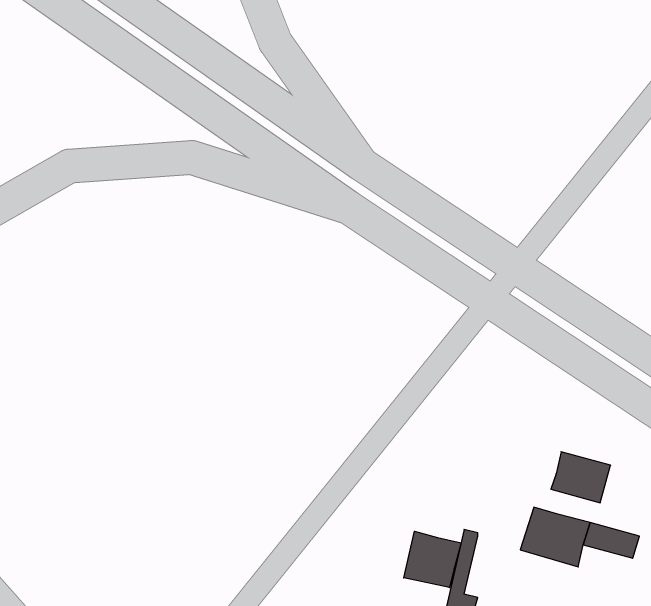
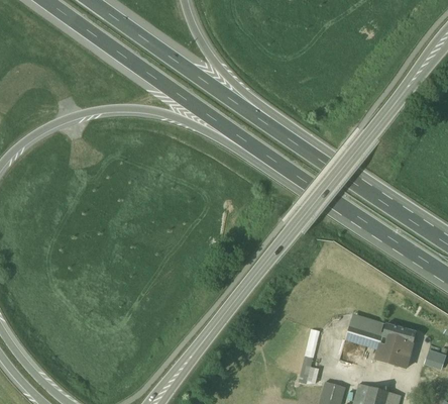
building: [551,452,611,503] -> [376,337,412,368]
building: [404,531,461,588] -> none

